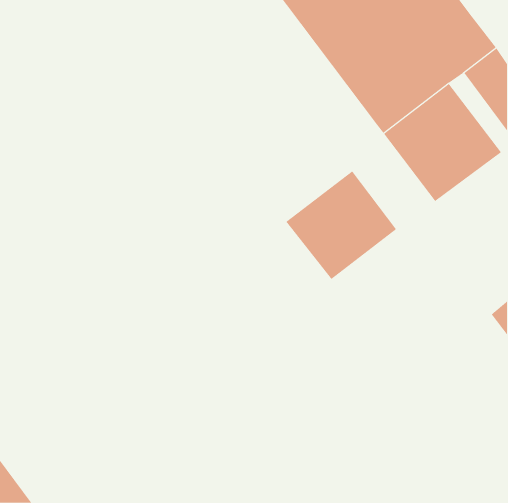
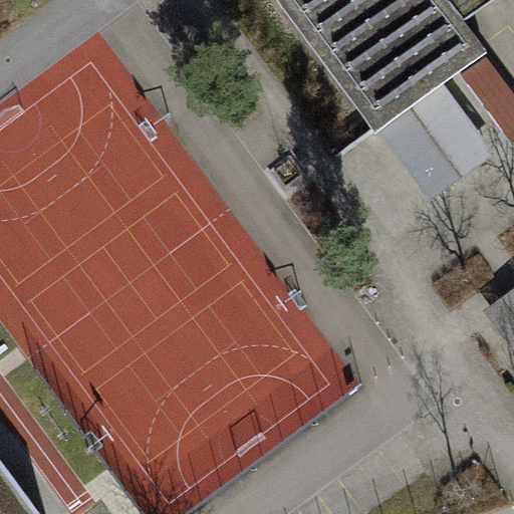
building: [285,170,397,280] -> none

